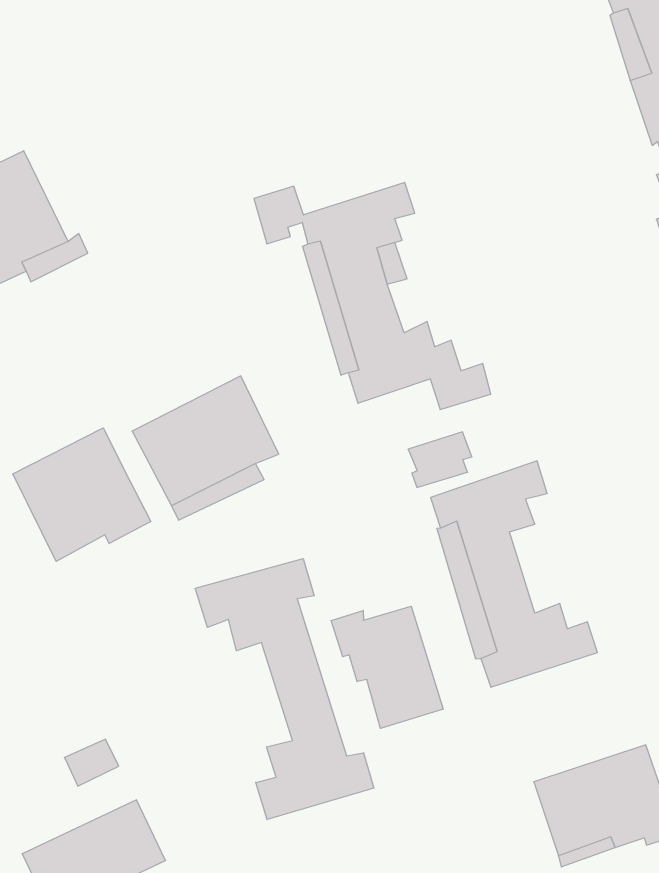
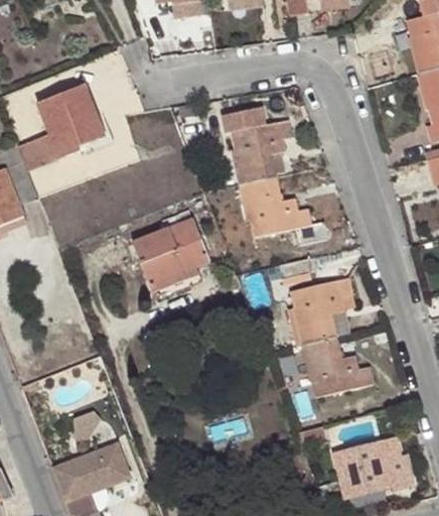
building: [13,428,151,561] -> none
building: [195,559,374,820] -> none
building: [331,606,443,728] -> none

